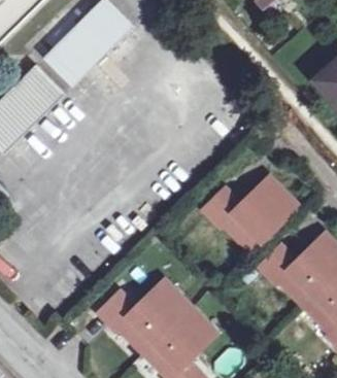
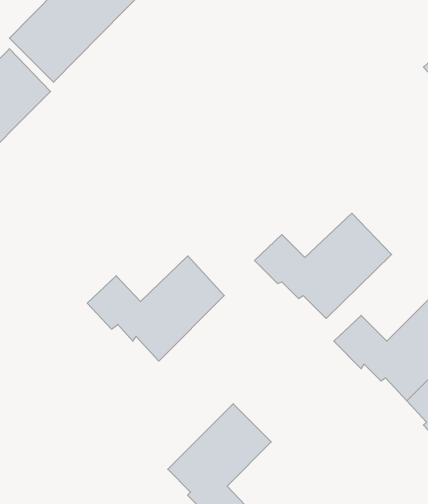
building: [97,280,190,351] -> [87,256,224,361]

